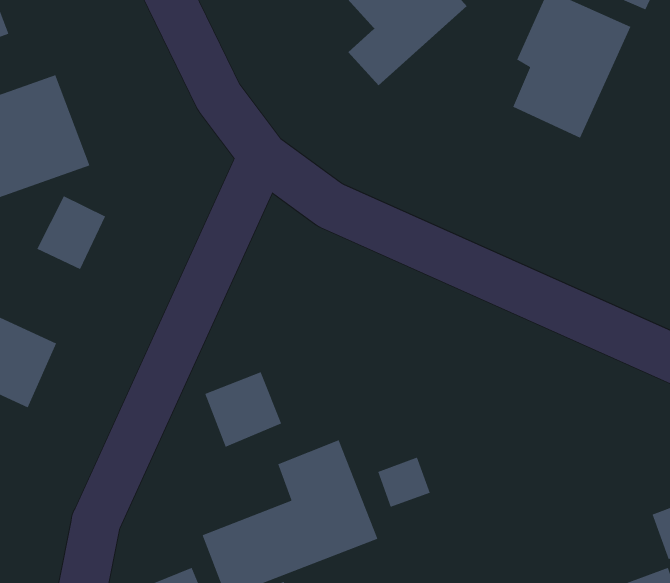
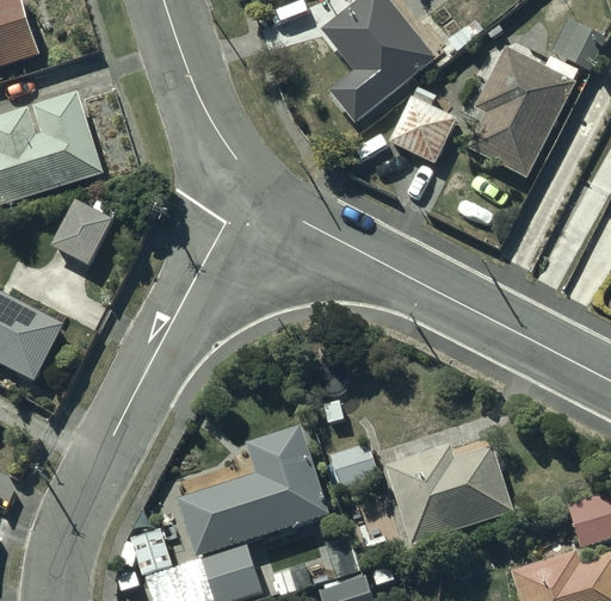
building: none -> [388,94,456,162]
building: [204,371,282,448] -> none
building: none -> [385,442,512,543]

